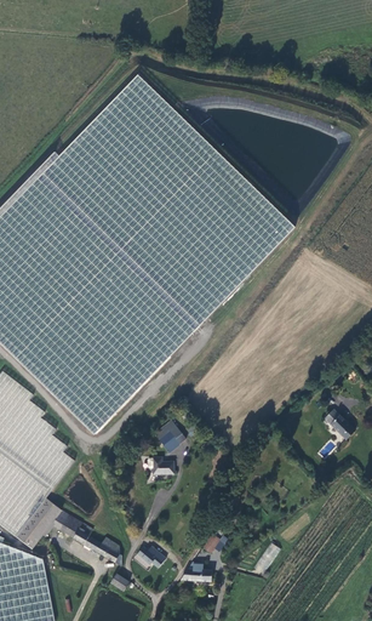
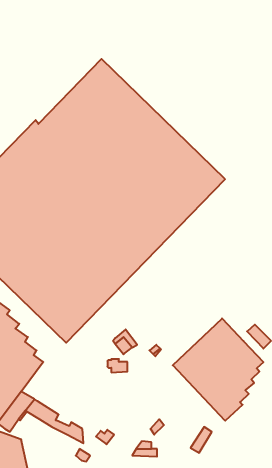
building: none -> [173,318,263,421]

